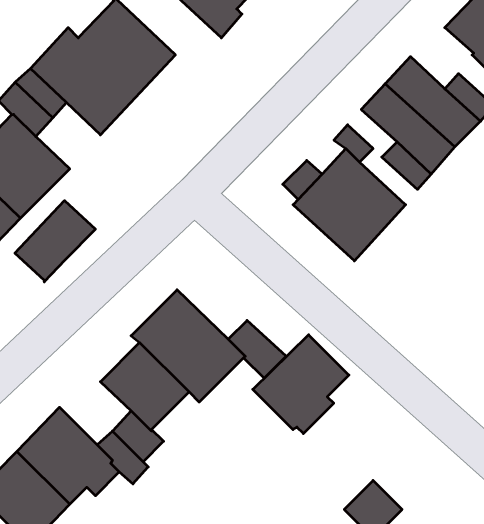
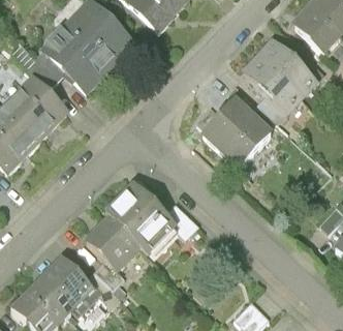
building: [15,201,95,282] -> none
building: [253,335,349,434] -> none

